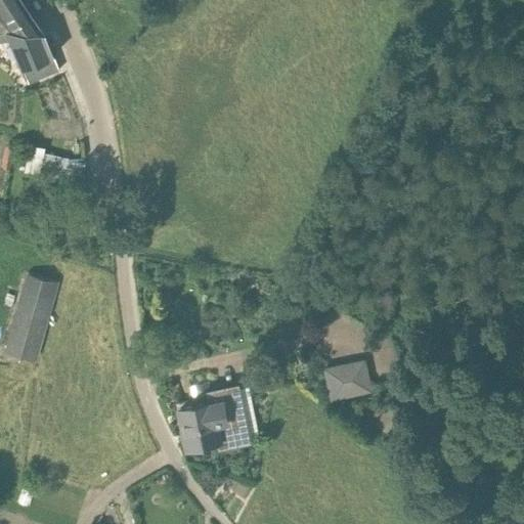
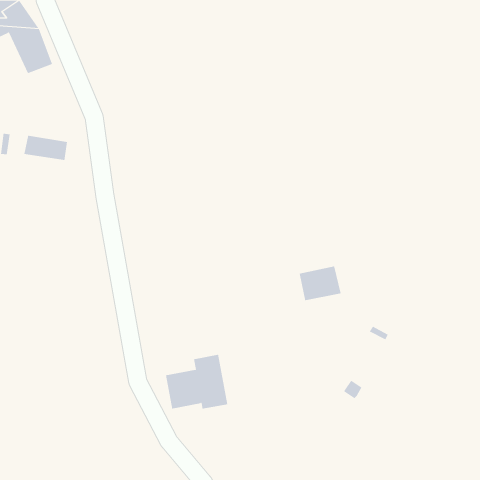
building: [5,275,55,362] -> none
building: [323,362,369,400] -> [299,266,341,301]

